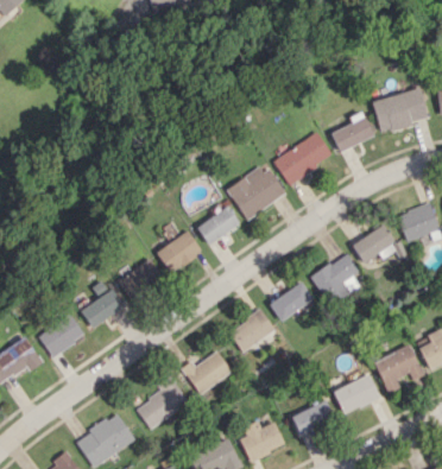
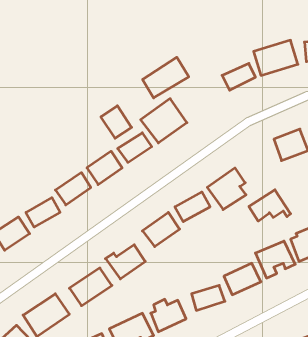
building: [273,132,333,184] -> [143,57,189,98]
building: none -> [101,106,132,138]
building: [353,223,406,264] -> [249,190,291,221]

